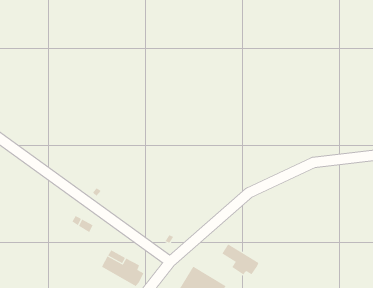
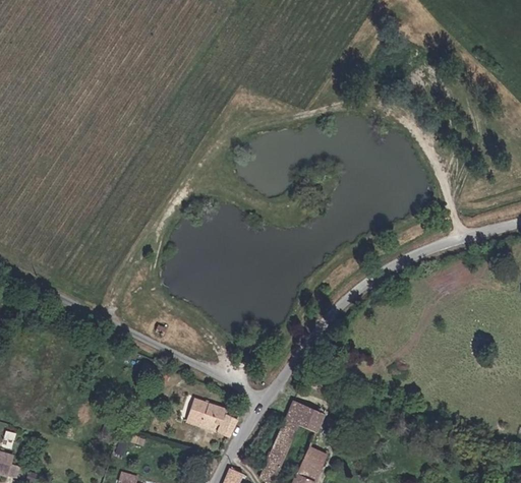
building: [222,244,259,275] -> none

